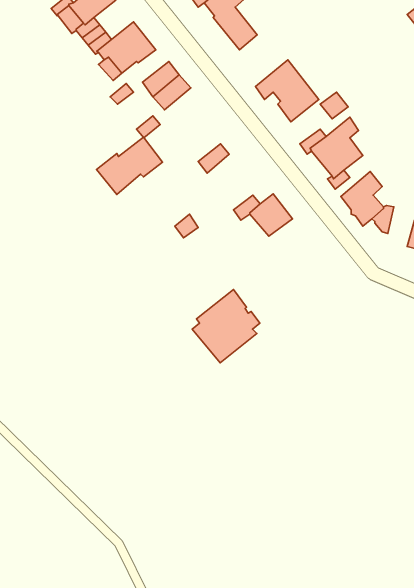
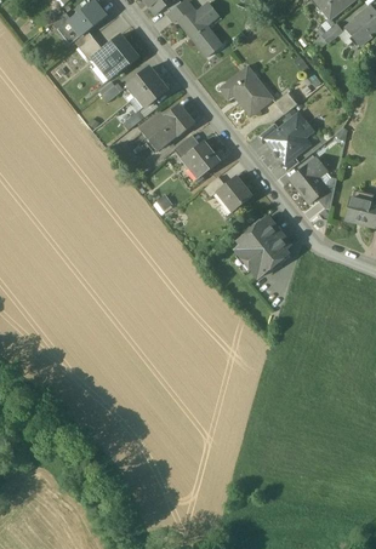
building: [96,137,163,195] -> [139,103,194,150]
building: none -> [181,141,220,172]
building: [192,290,260,363] -> [234,217,290,278]

